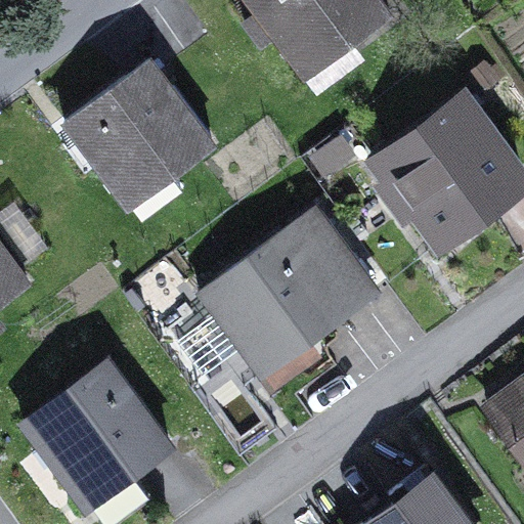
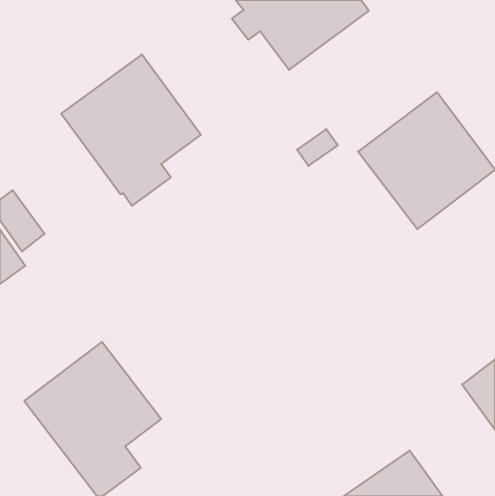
building: [178,209,374,384] -> none

